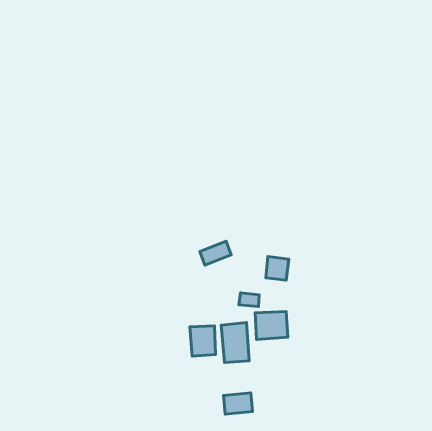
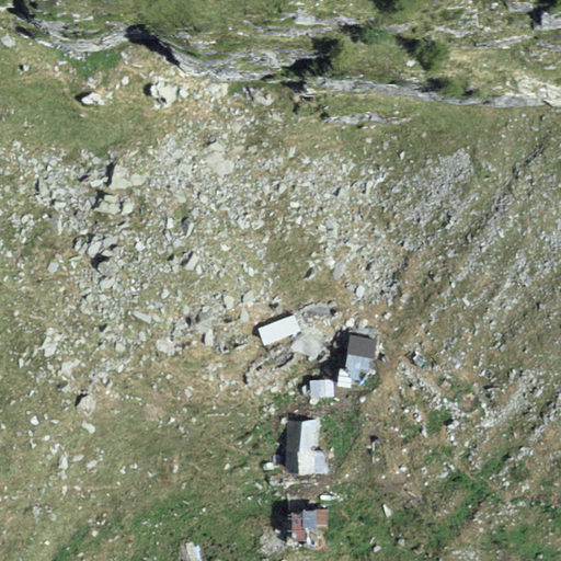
building: [255,312,288,339] -> none
building: [190,326,216,356] -> none

